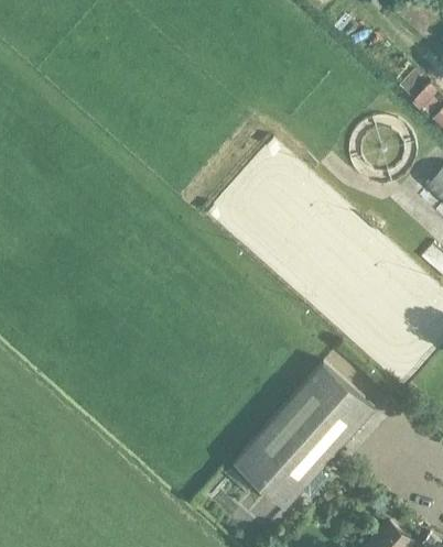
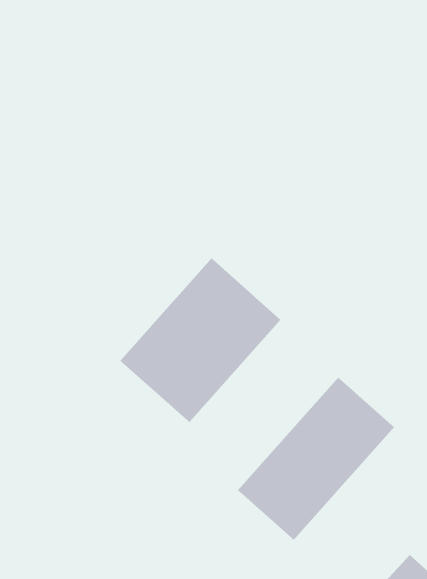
building: none -> [120,258,281,423]

